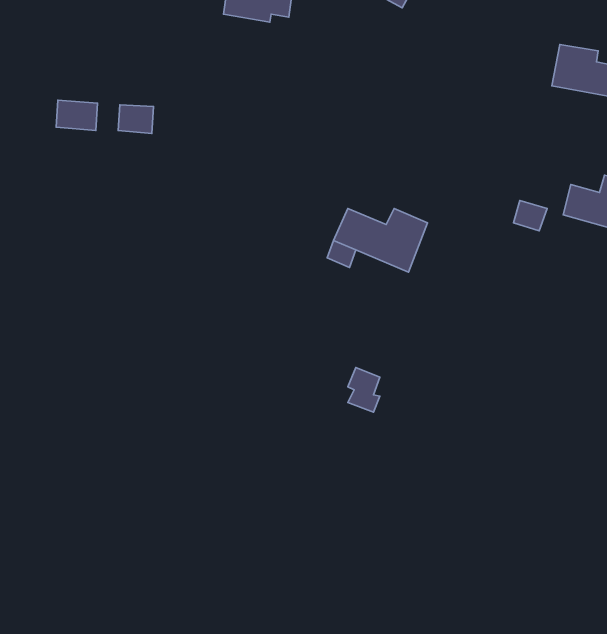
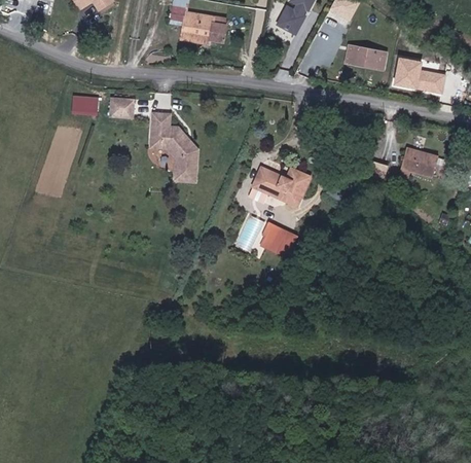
building: none -> [343,45,387,71]
building: none -> [152,114,197,181]
building: [348,368,380,412] -> [265,221,286,250]

